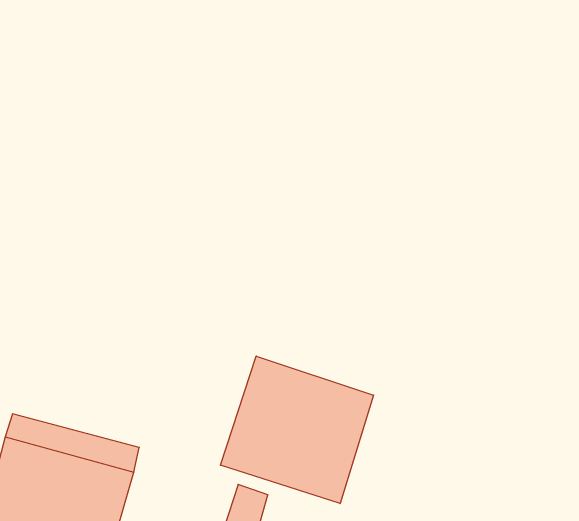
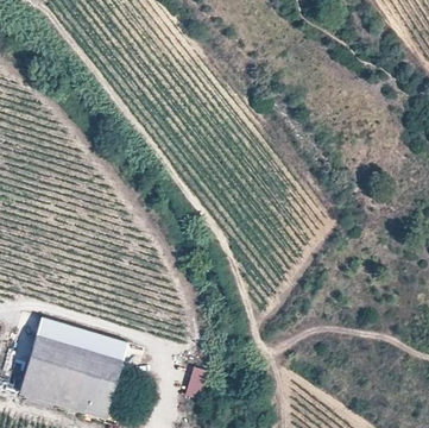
building: [220,356,374,504] -> none

